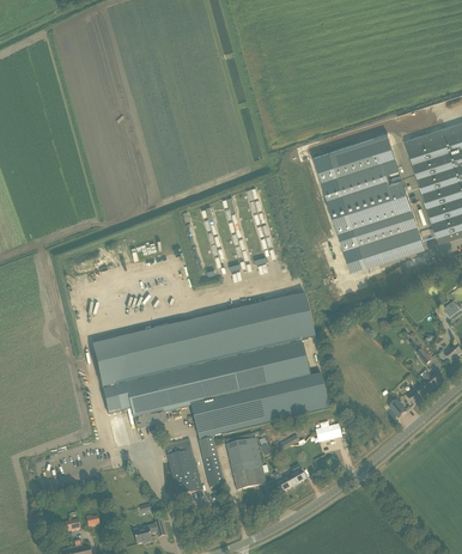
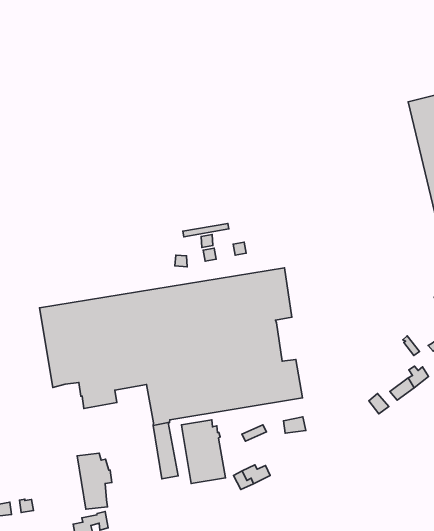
building: [312,130,423,269] -> none
building: [164,443,196,493] -> [77,453,112,509]

